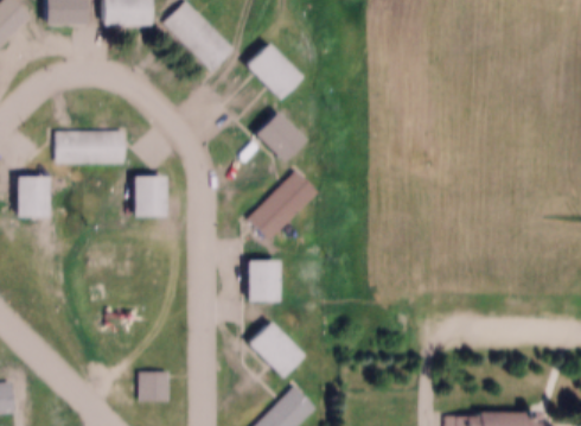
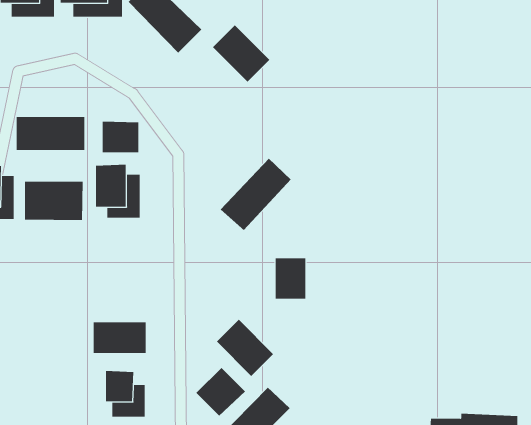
building: [254,112,302,160] -> none
building: none -> [102,121,139,153]
building: none -> [25,181,83,221]
building: [247,260,276,299] -> [275,258,306,299]
building: none -> [93,321,146,354]
building: none -> [196,367,246,417]

